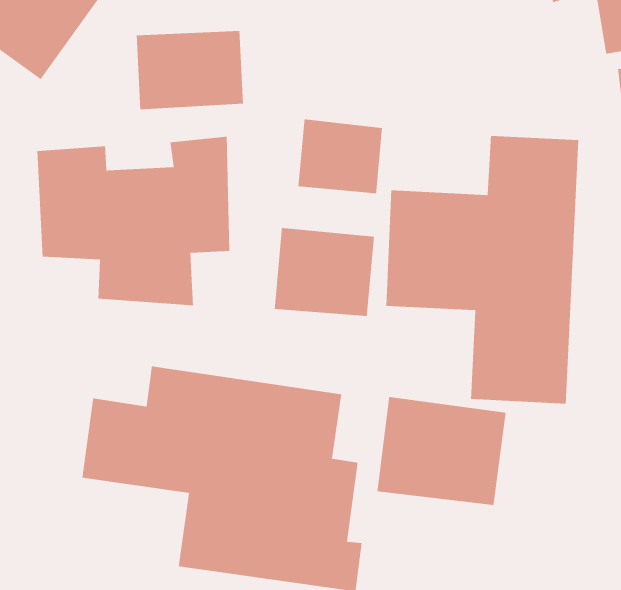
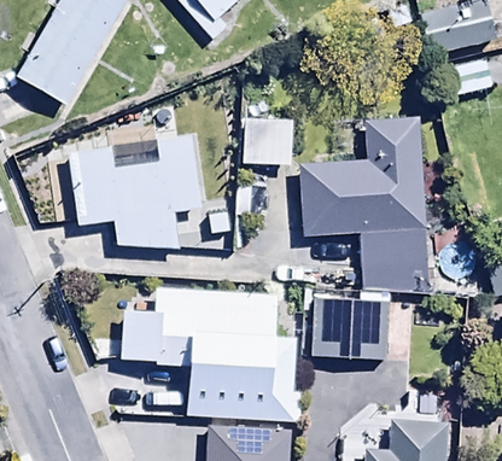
building: [136,30,244,110] -> none
building: [274,227,375,317] -> none

